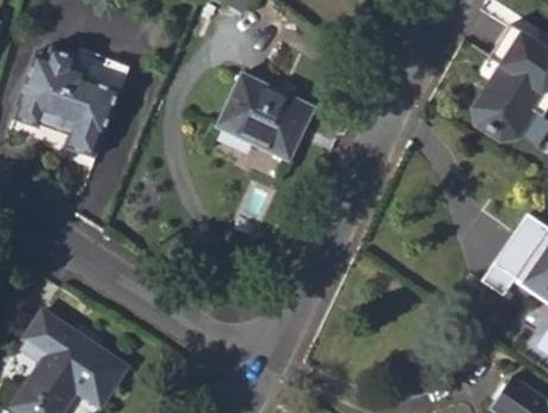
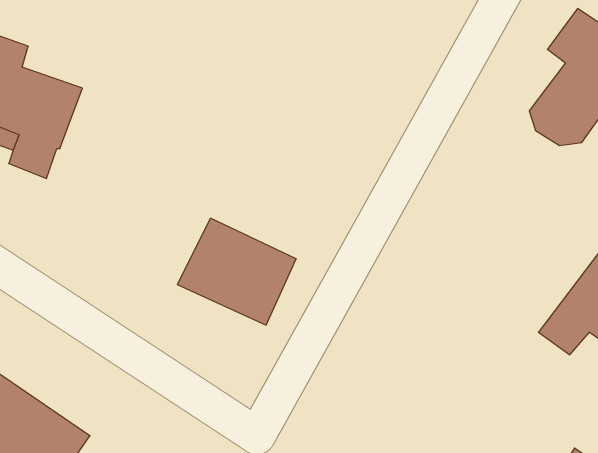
building: [73,54,129,88] -> none
building: [217,74,312,159] -> [177,218,296,325]

